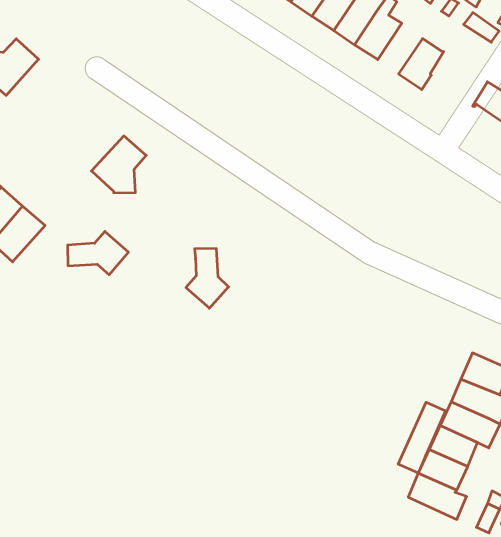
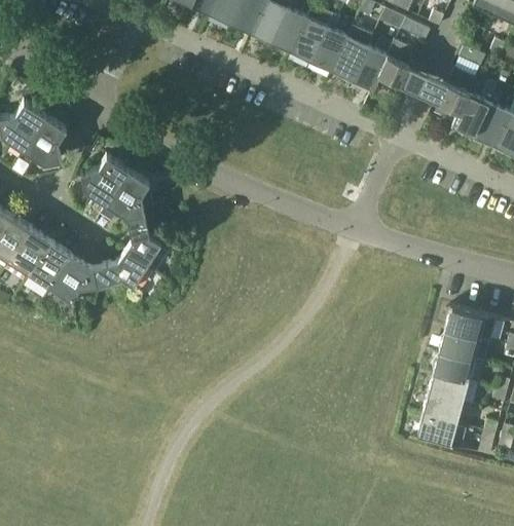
building: none -> [332,27,372,80]
building: none -> [378,40,428,98]
building: none -> [23,116,66,164]
building: none -> [80,155,127,203]
building: none -> [50,256,98,304]
building: [186,249,229,308] -> [124,216,160,267]
building: [398,402,446,473] -> none

